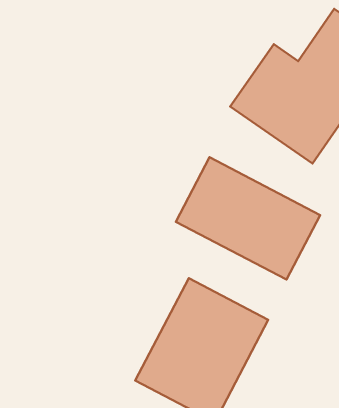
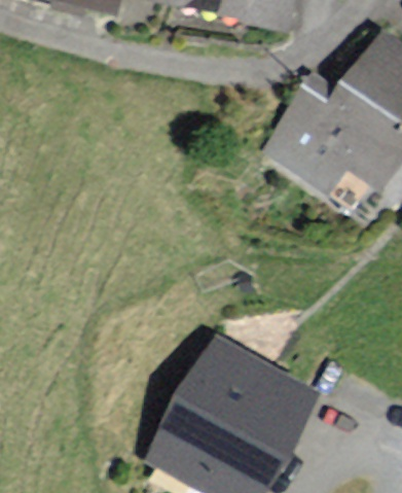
building: [176,157,320,280] -> none

